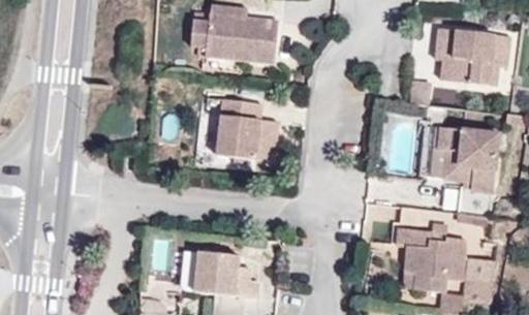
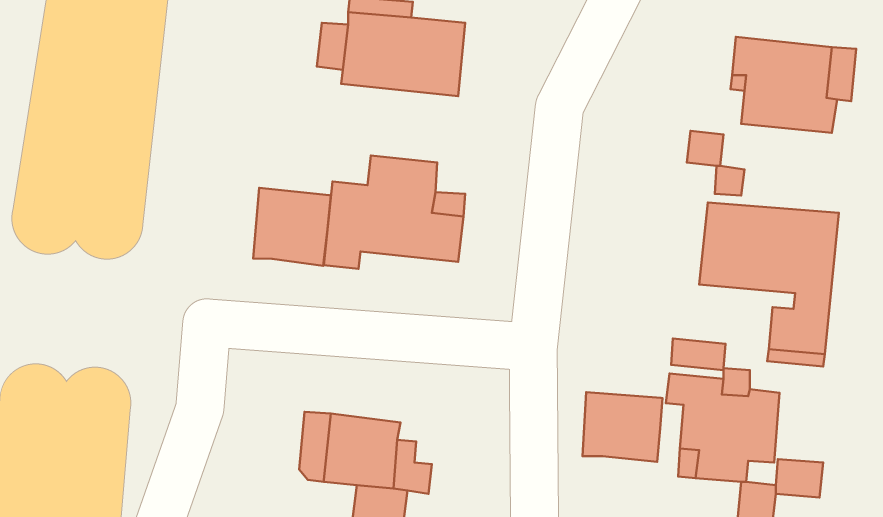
building: none -> [253,188,331,266]
building: none -> [583,392,663,462]

